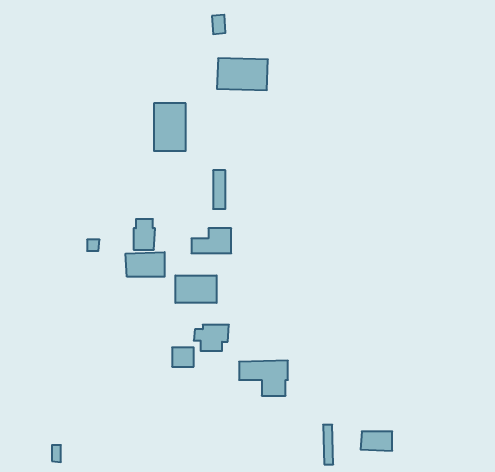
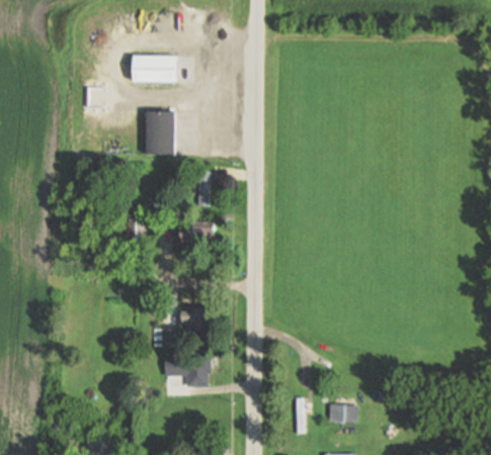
building: [217,58,268,90] -> [131,55,176,83]
building: [126,252,165,277] -> none
building: [175,275,217,303] -> none
building: [239,361,288,396] -> [166,355,210,386]

